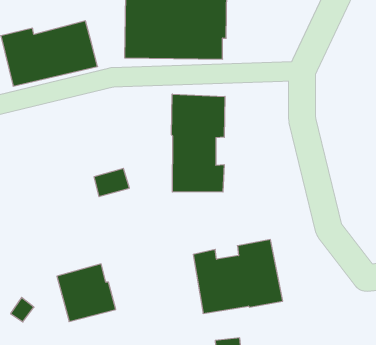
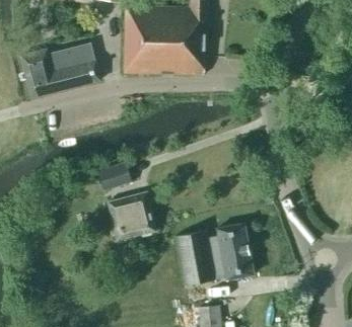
building: [172,94,225,192] -> none
building: [57,264,116,322] -> [108,192,156,240]

